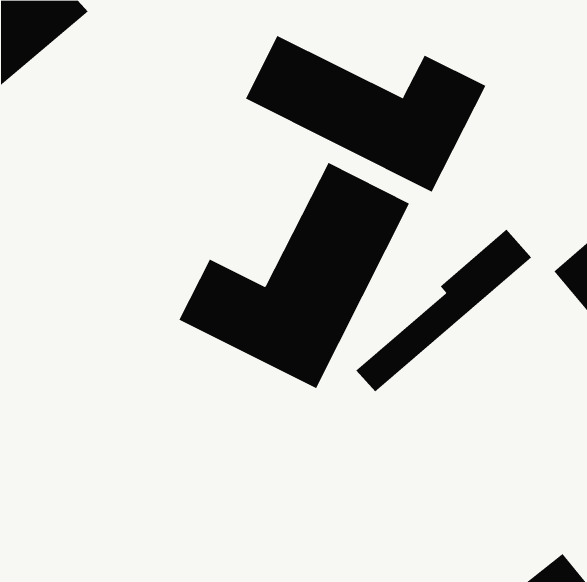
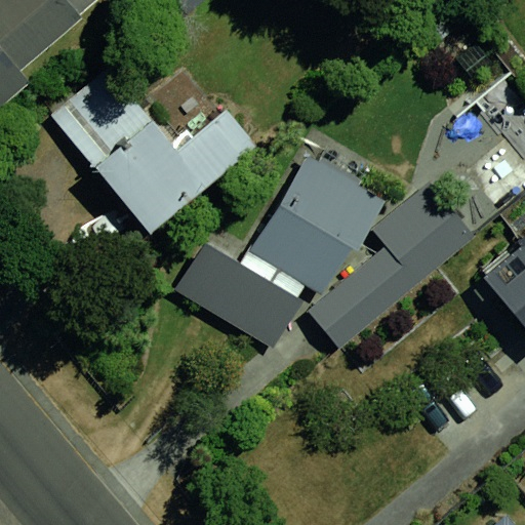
building: [245,35,486,193] -> none
building: none -> [32,47,264,231]

